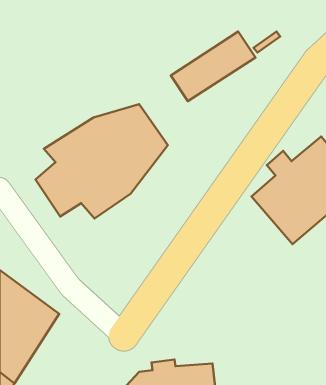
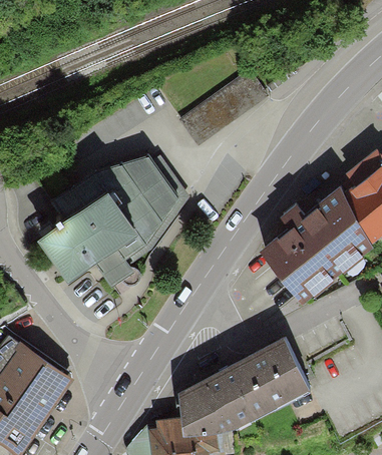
building: none -> [185,343,309,430]

